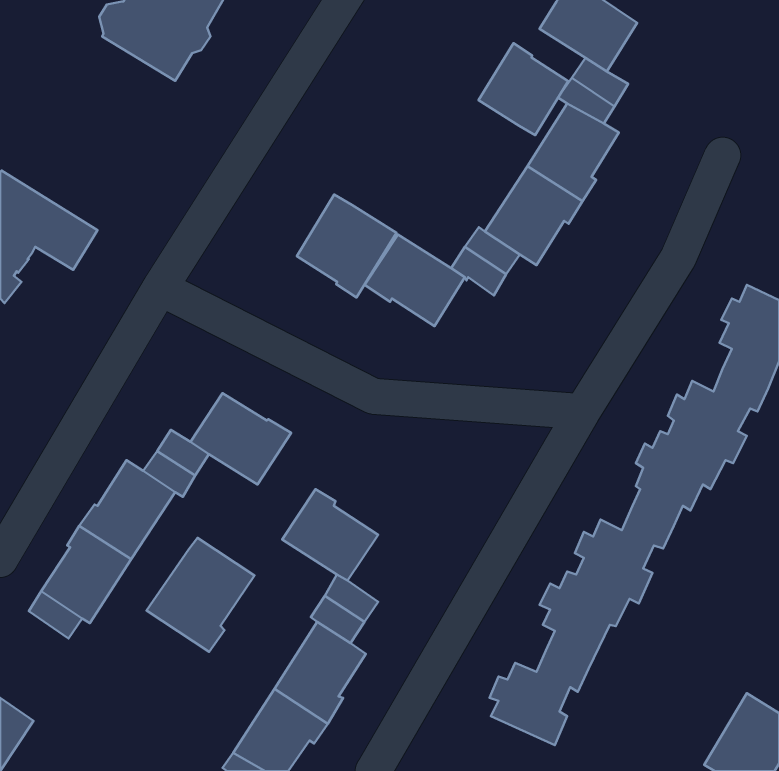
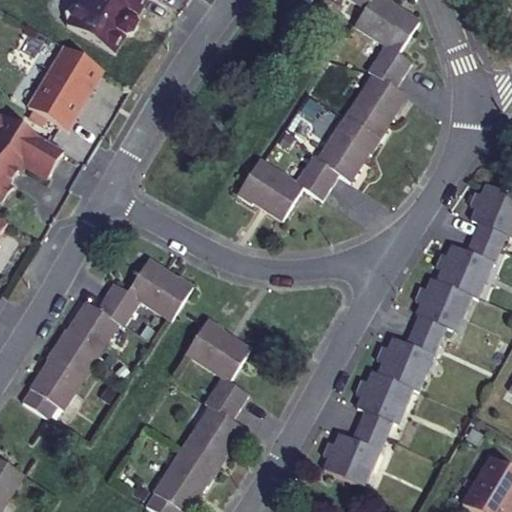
building: [478,43,568,135] -> none
building: none -> [28,46,104,130]
building: [297,195,396,298] -> none
building: [146,538,254,652] -> none

